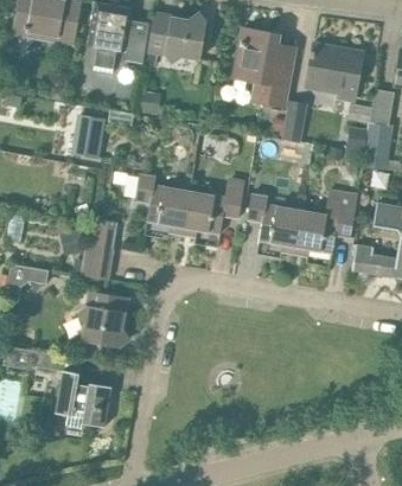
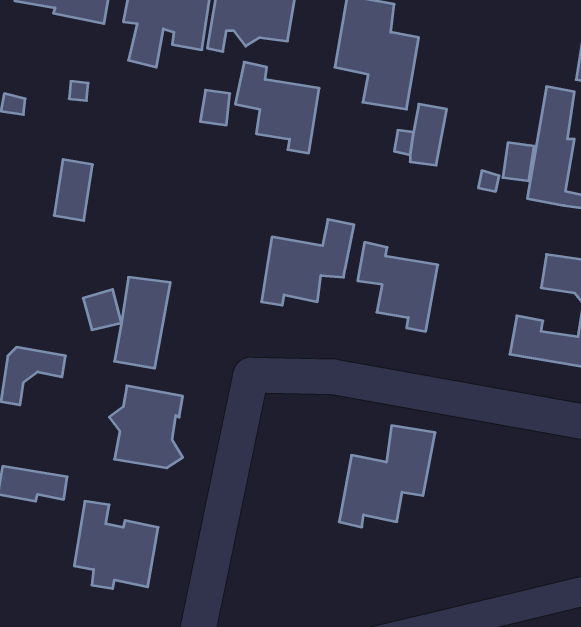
building: [306,44,360,101] -> none
building: [78,116,104,158] -> [54,159,93,221]
building: [132,173,189,235] -> [235,62,319,153]
building: [293,190,358,258] -> [339,426,435,527]

